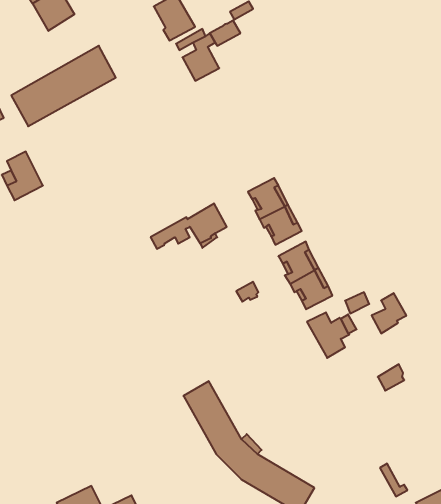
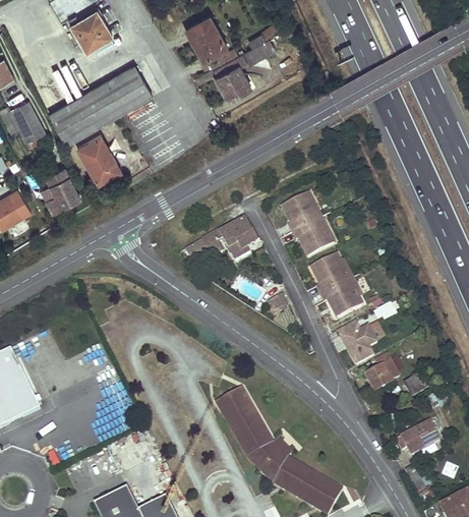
building: none -> [78,133,123,183]
building: [372,293,406,333] -> [365,353,399,392]
building: none -> [397,420,438,454]

